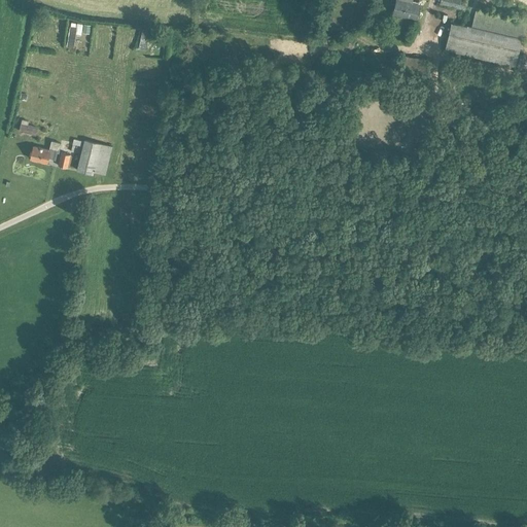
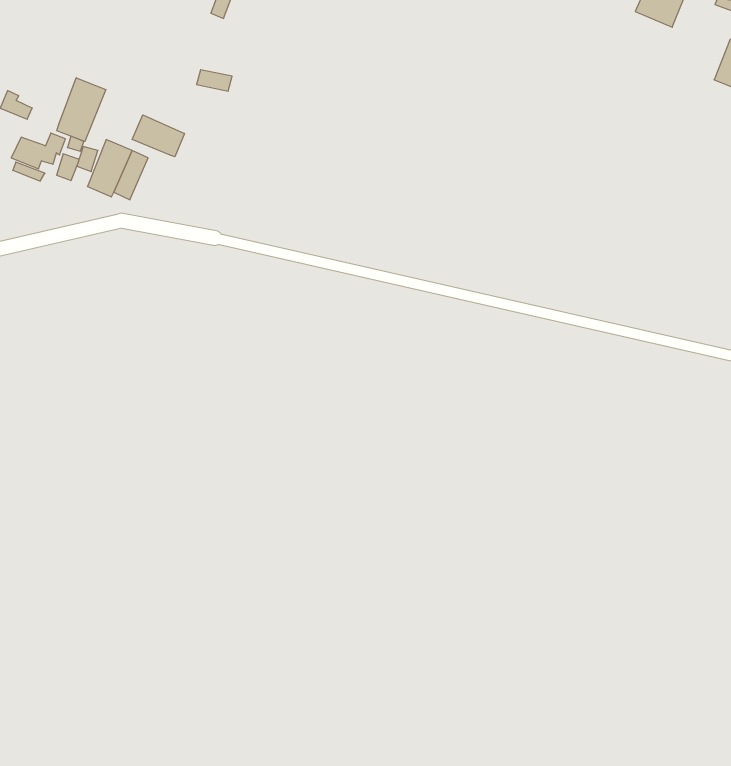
building: none -> [57,78,106,141]
building: none -> [132,115,184,157]

